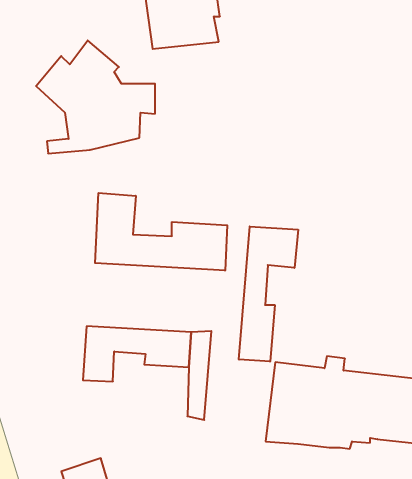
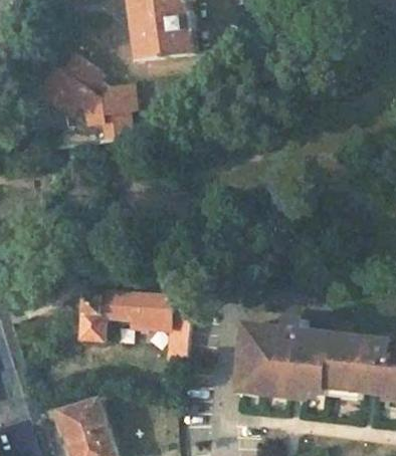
building: [95,193,227,271] -> none
building: [239,226,298,362] -> none

